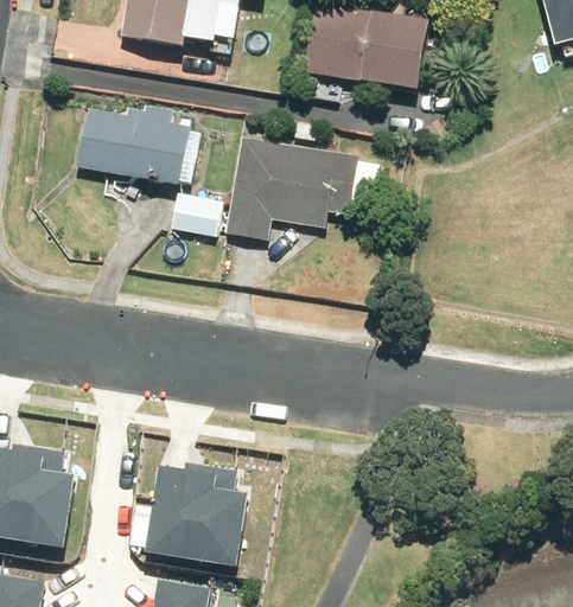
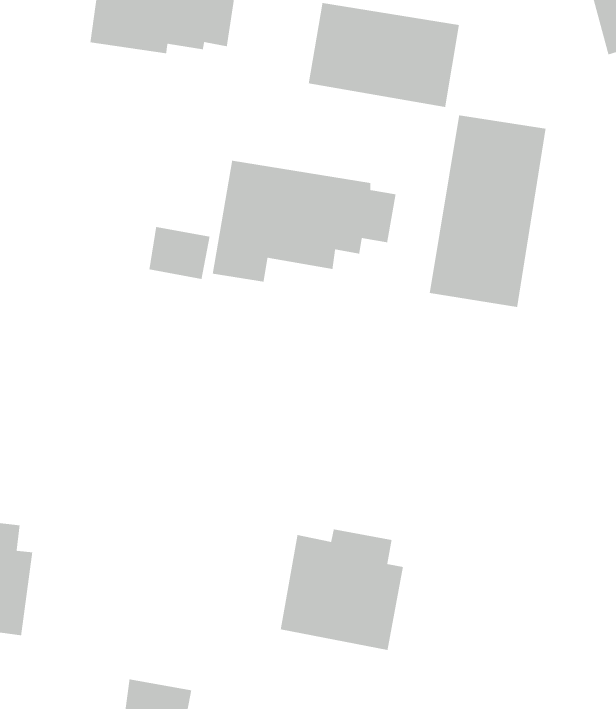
building: none -> [429,114,546,308]
building: [76,106,200,189] -> none
building: [145,456,249,560] -> [280,528,404,651]

